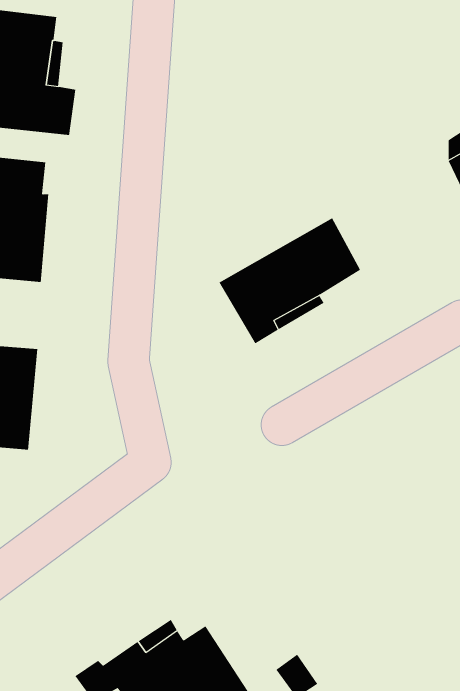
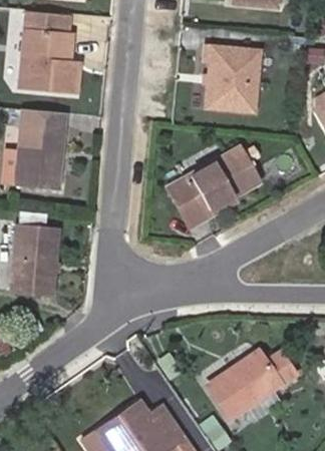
building: none -> [203,46,260,109]
building: none -> [208,351,294,416]

